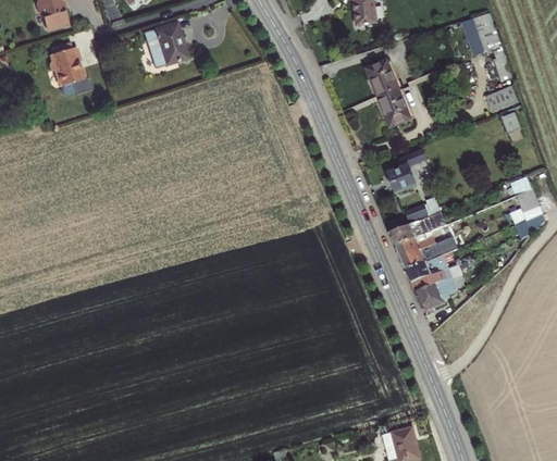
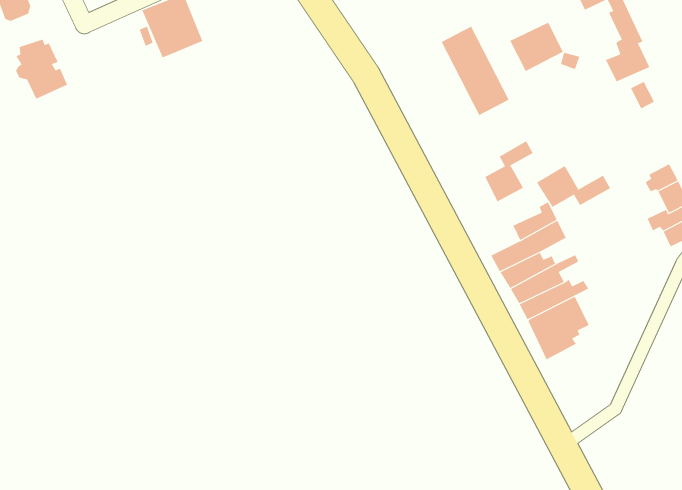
building: none -> [510,22,564,72]
building: none -> [536,165,611,208]

